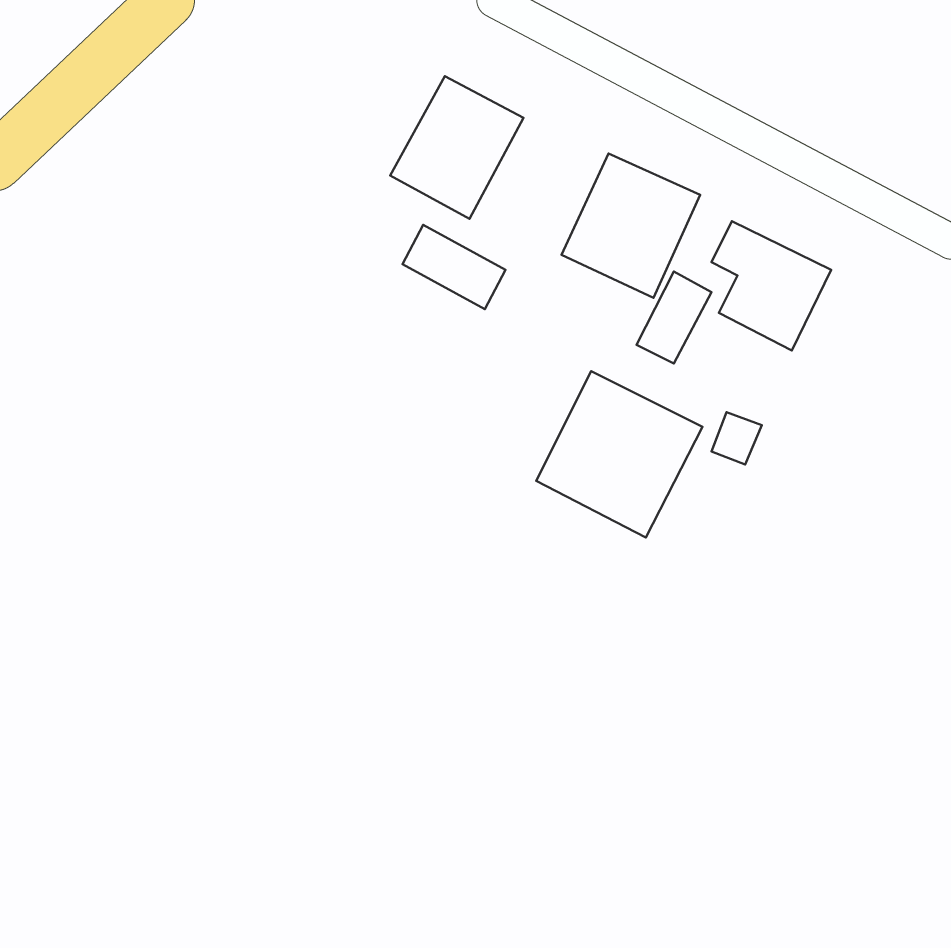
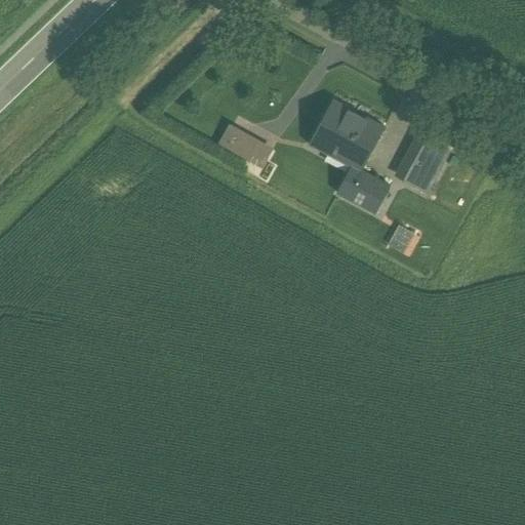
building: [390,76,523,219] -> none
building: [536,371,702,537] -> none

